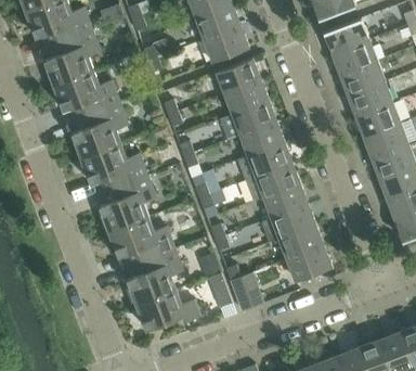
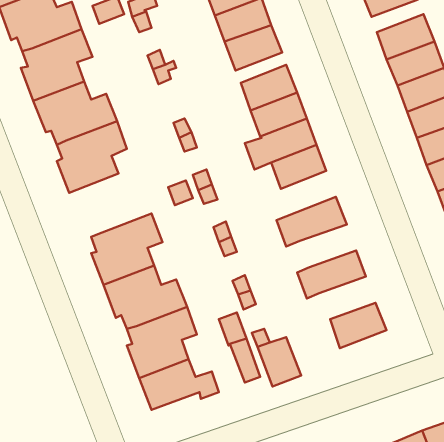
building: [237,141,291,180] -> none
building: [81,143,146,193] -> none
building: [263,183,308,217] -> none
building: [278,225,323,258] -> none

